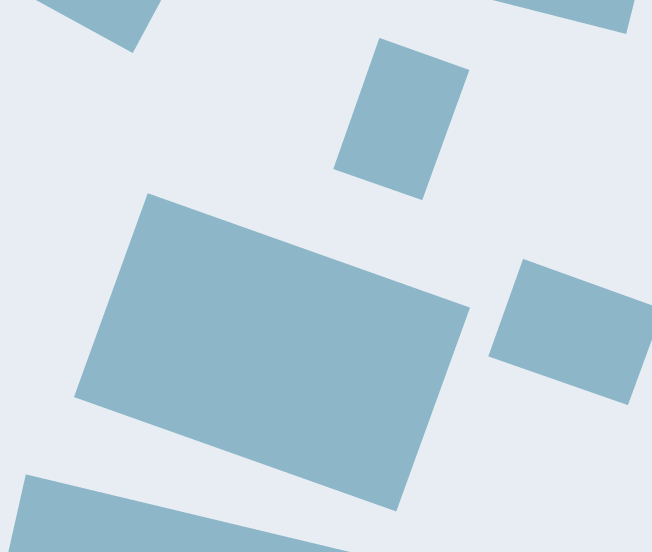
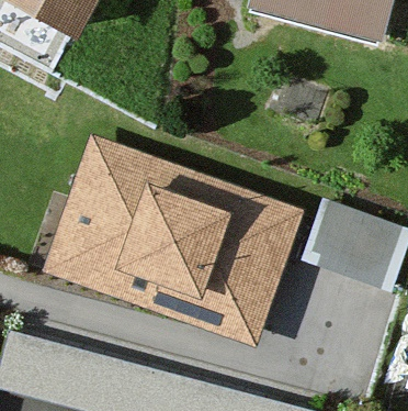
building: [332,37,471,201] -> none

